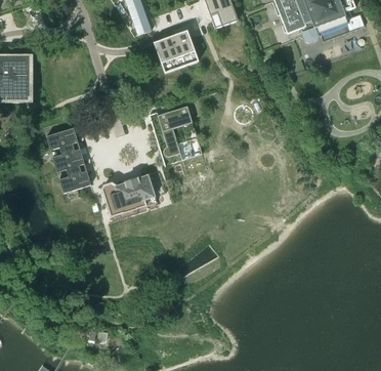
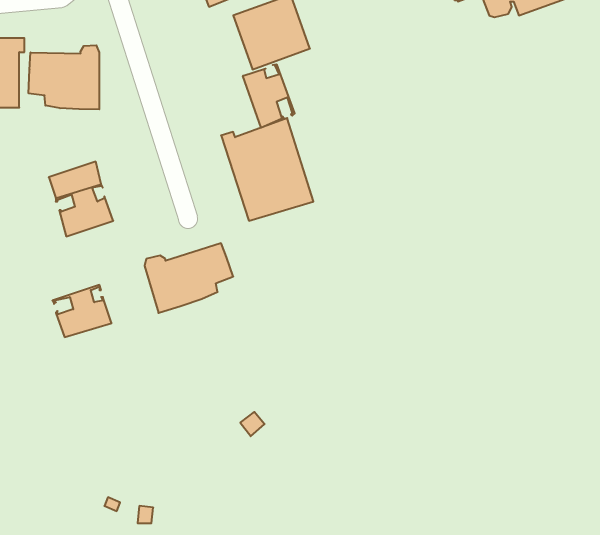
building: none -> [29,45,99,109]
building: none -> [243,64,295,128]
building: [56,162,91,193] -> [52,285,112,337]

